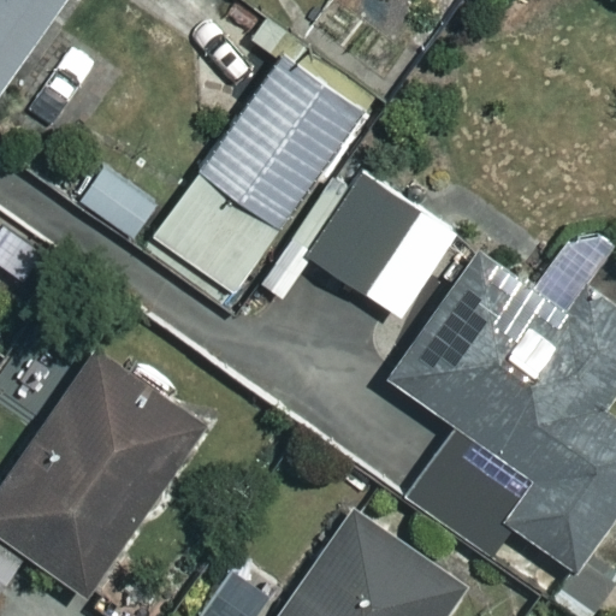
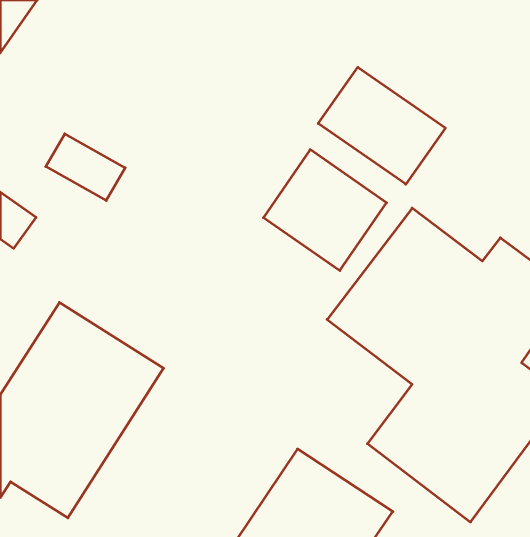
building: [167,75,350,294] -> none
building: none -> [318,67,445,184]

